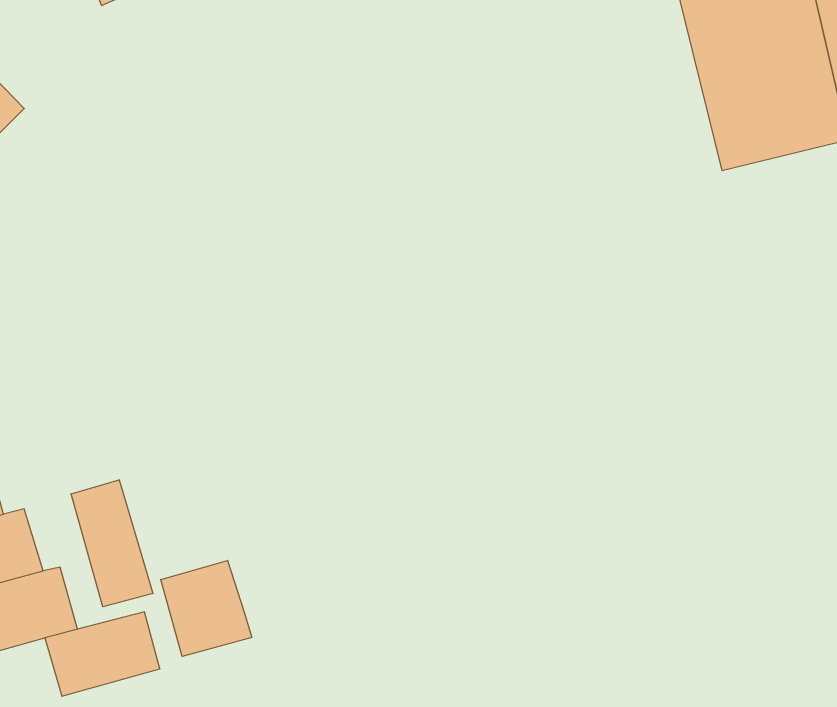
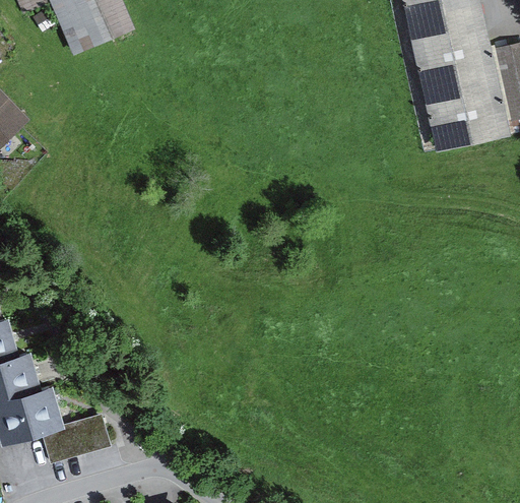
building: [71,480,153,607] -> none
building: [161,560,252,656] -> none

